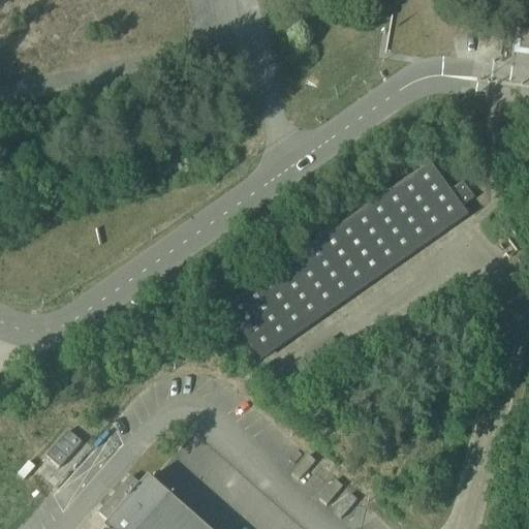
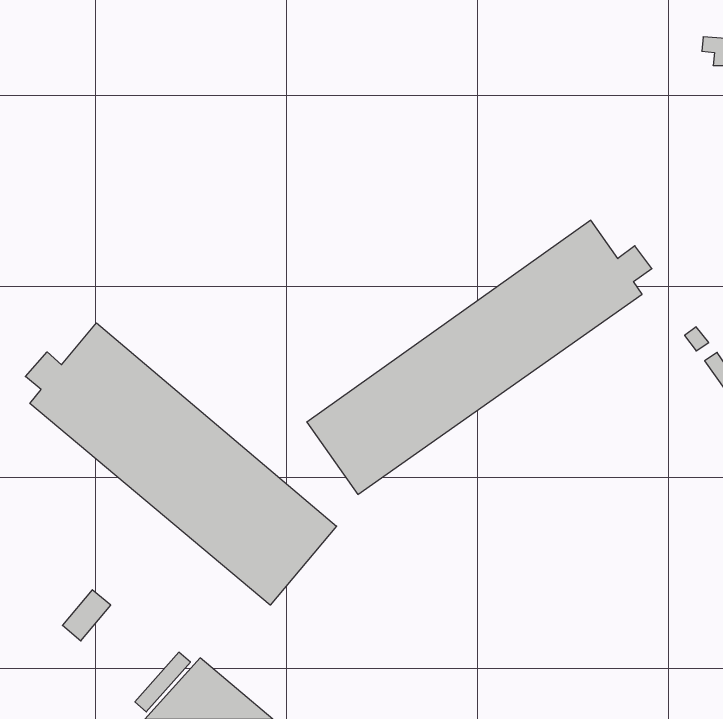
building: none -> [25,323,337,605]

